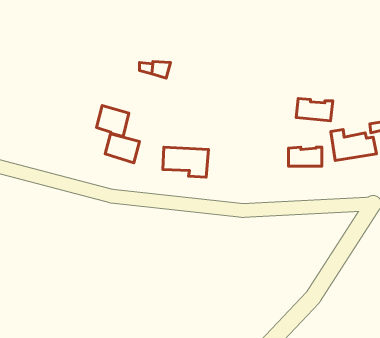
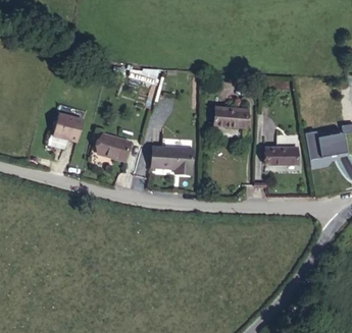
building: [296,98,333,121] -> [214,107,248,127]
building: [96,105,129,137] -> [54,113,84,142]

